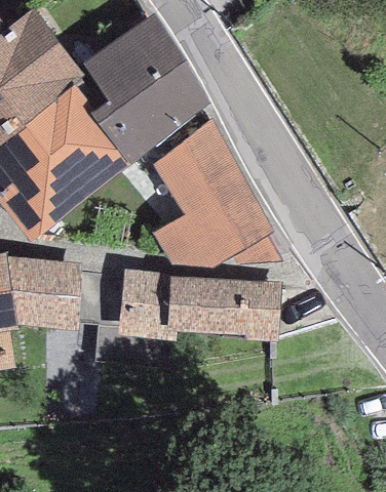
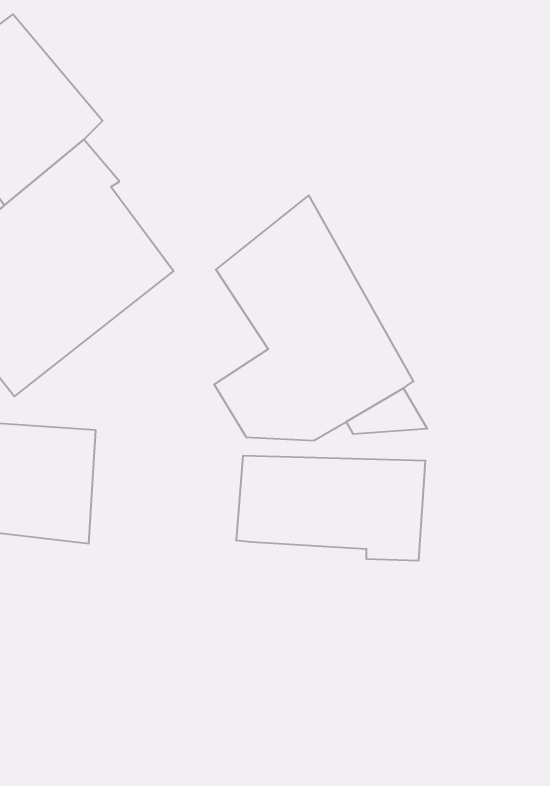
building: [81,11,208,165] -> none
building: [117,269,175,339] -> none

